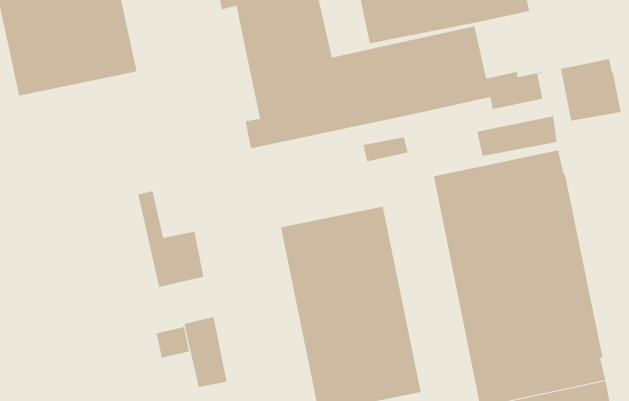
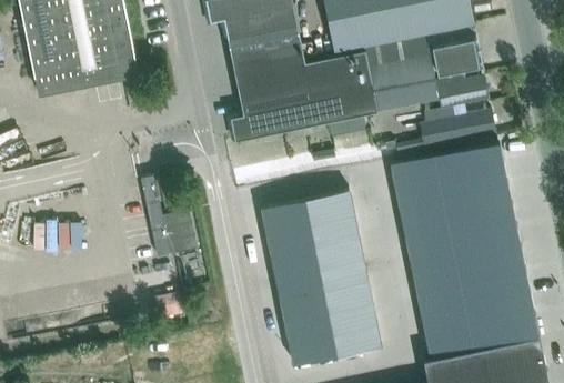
building: [560,58,622,121] -> [431,24,483,78]
building: [184,316,227,388] -> none

